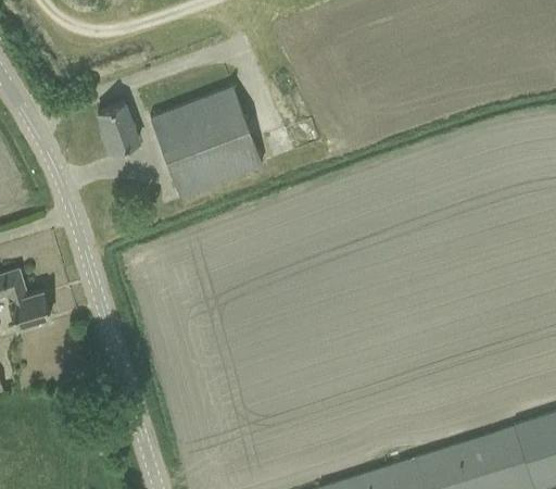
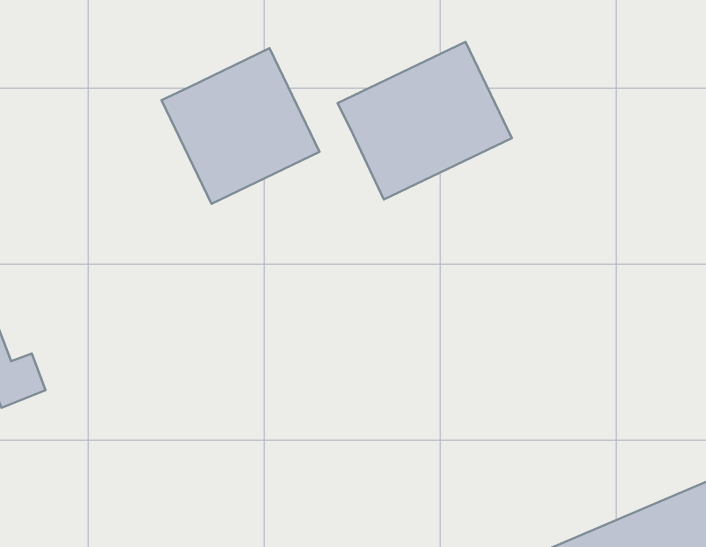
building: none -> [338,42,512,200]
building: [98,103,139,153] -> none

